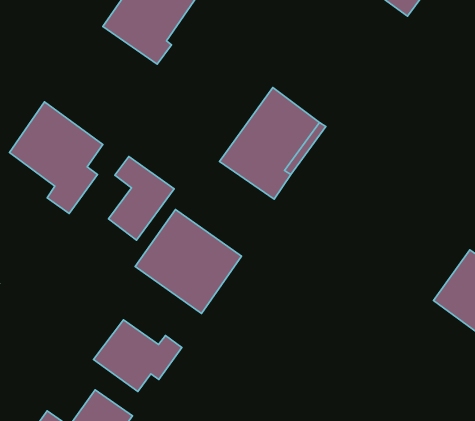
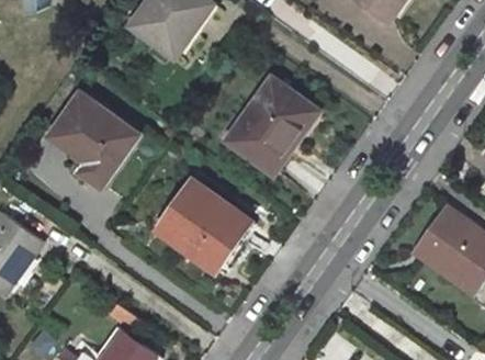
building: [109,157,174,240] -> none
building: [94,320,182,391] -> none

